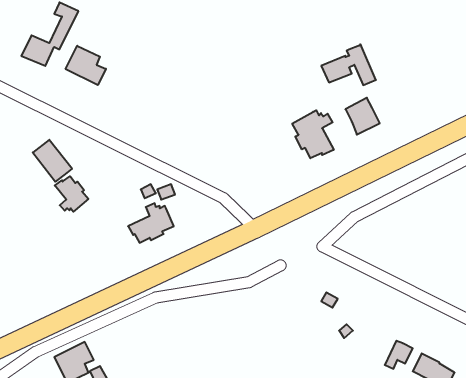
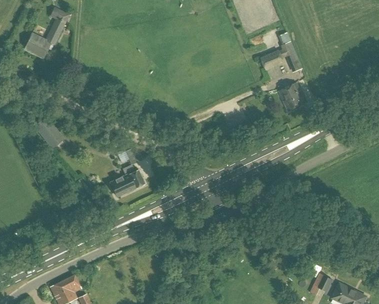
building: [66,46,106,85] -> none
building: [292,110,334,158] -> none
building: [55,176,88,212] -> none

